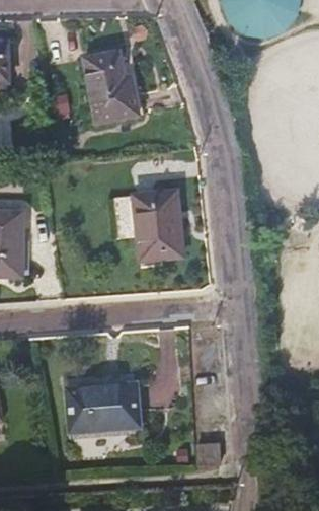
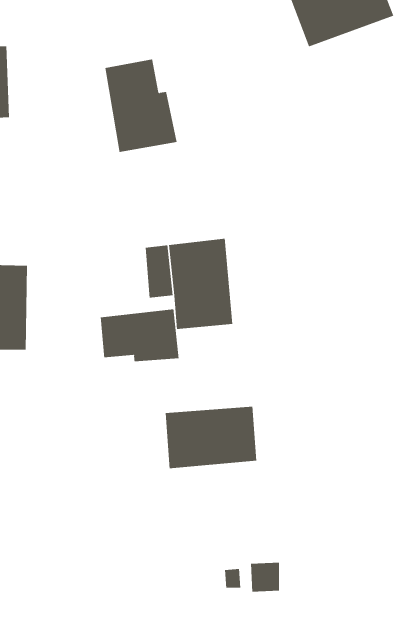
building: none -> [100,309,179,362]
building: [67,383,139,432] -> [165,406,257,469]

